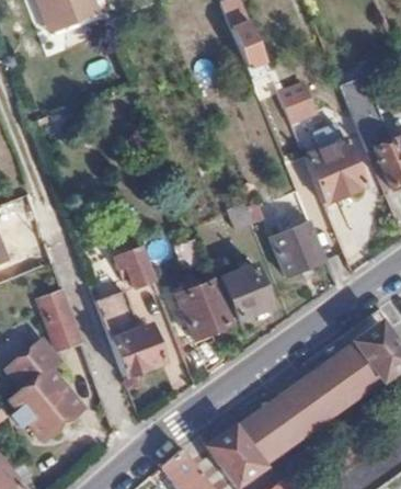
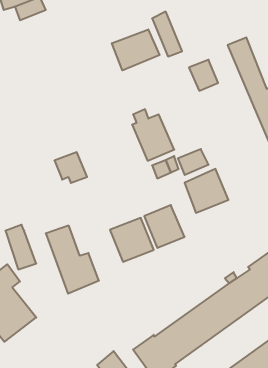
building: none -> [112,29,160,70]
building: [306,133,359,198] -> [132,109,174,161]
building: [113,249,154,288] -> [54,152,87,183]

